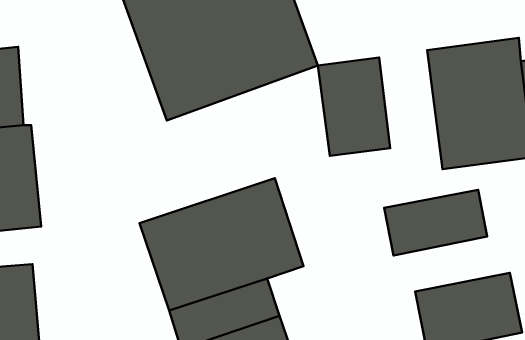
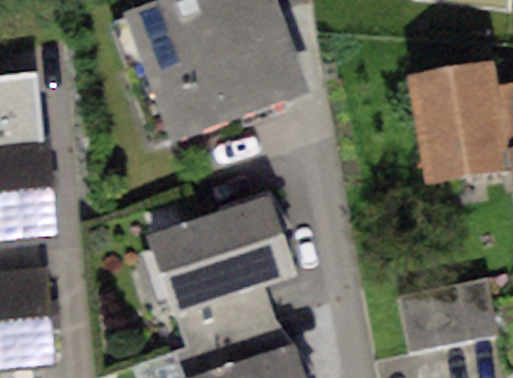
building: [318,58,390,156] -> none
building: [384,190,487,255] -> none

